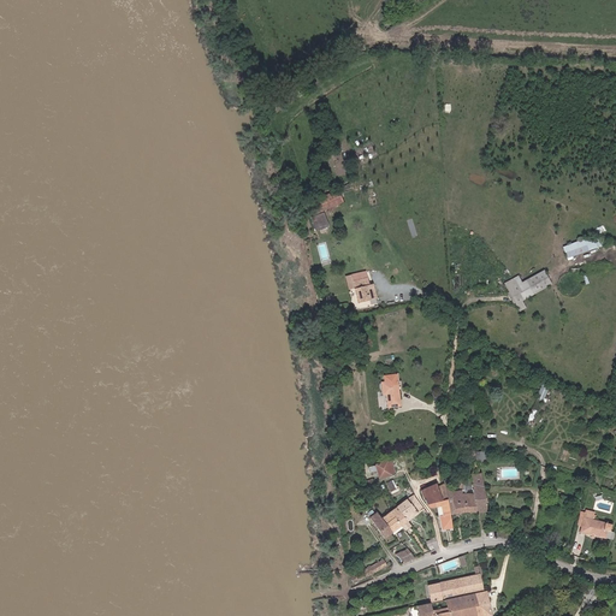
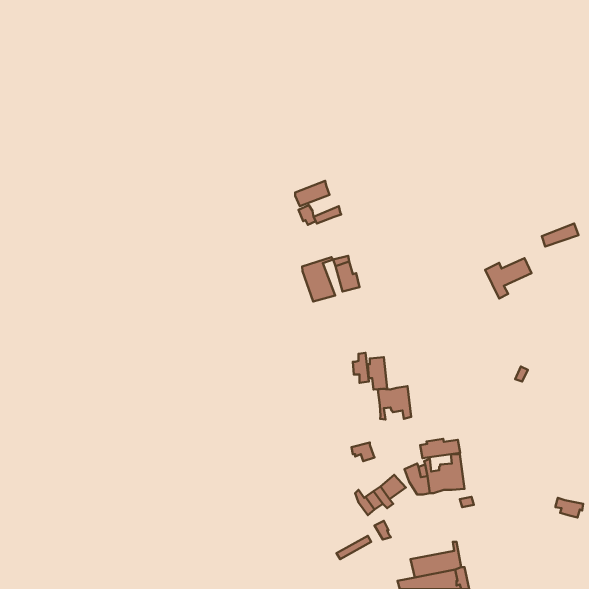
building: none -> [302,257,335,302]
building: none -> [378,386,411,419]
building: none -> [420,439,460,458]

